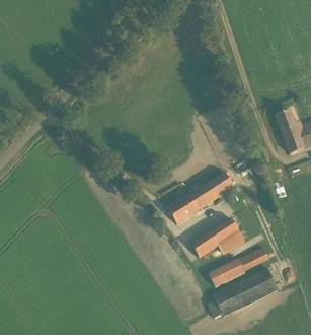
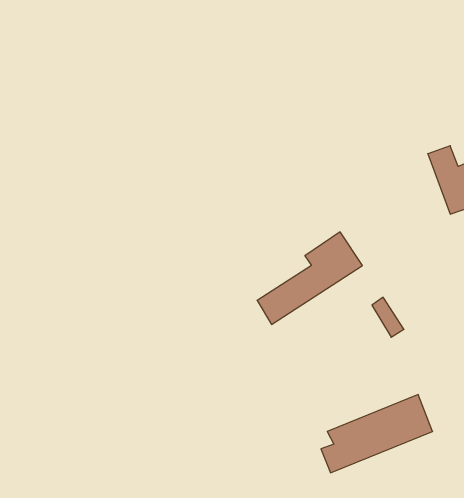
building: [189,217,244,257] -> none
building: [208,246,268,287] -> none

